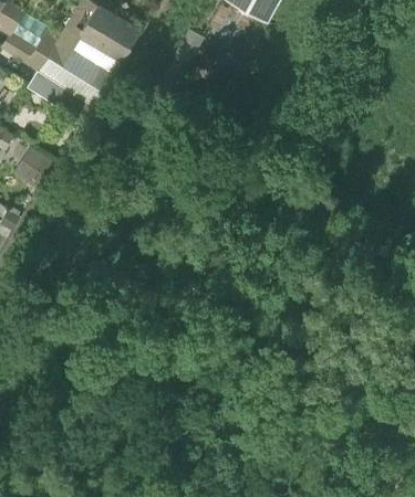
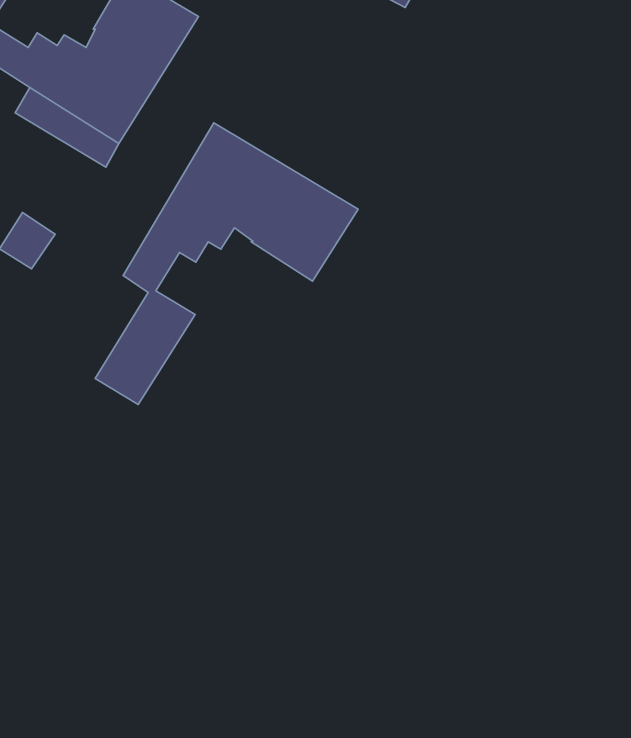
building: none -> [95,123,358,405]

